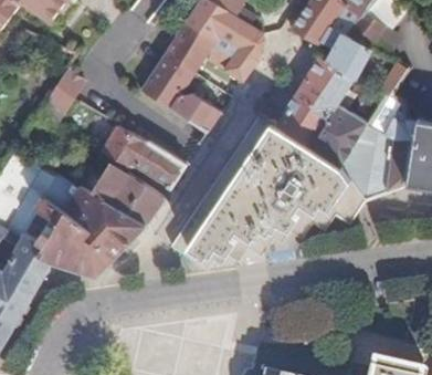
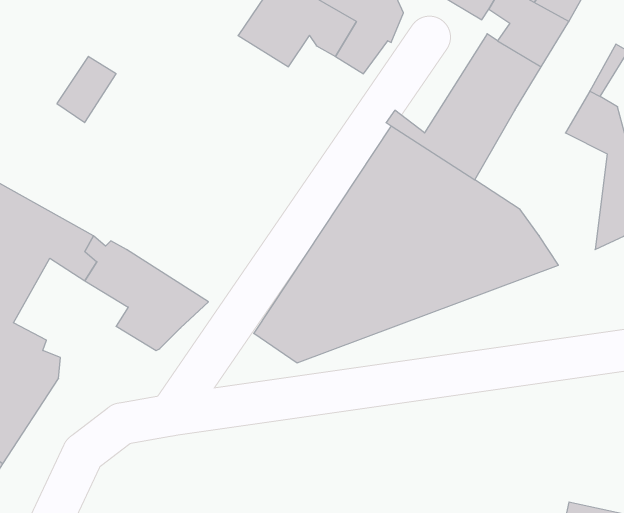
building: [143,56,222,132] -> none
building: [314,104,398,202] -> none
building: [103,125,186,187] -> none
building: [93,165,162,226] -> none
building: [21,198,112,274] -> none

